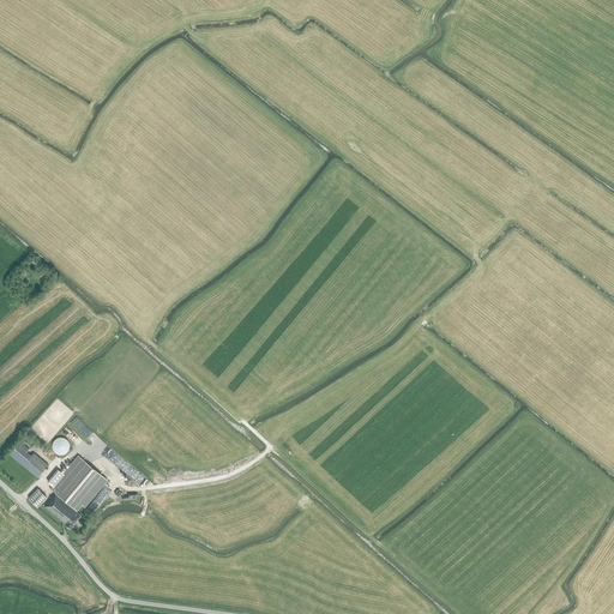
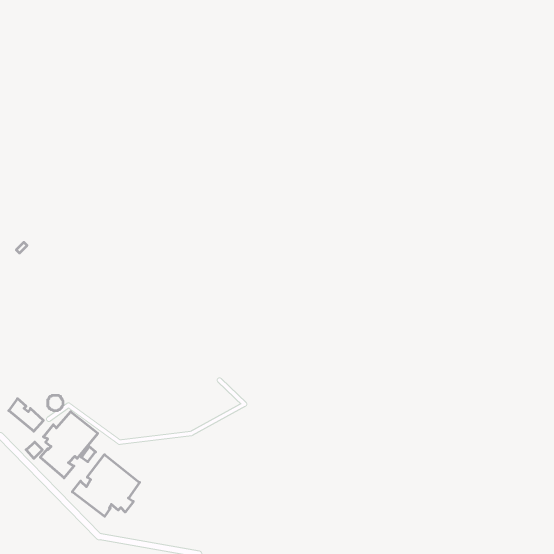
building: none -> [72,455,140,516]

